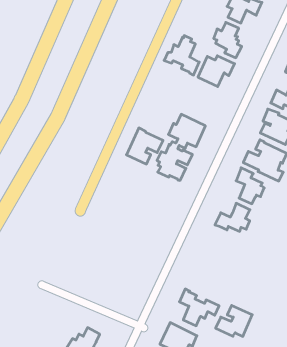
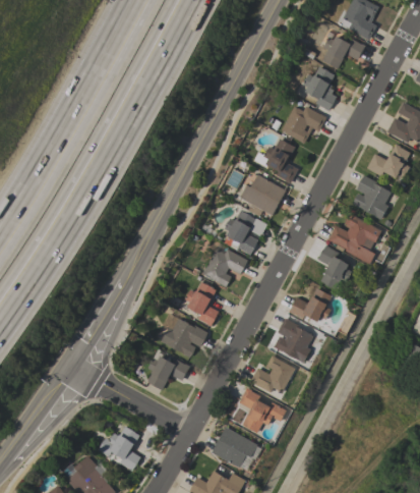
building: [164,36,199,75] -> [255,135,298,184]
building: [126,128,163,164] -> [202,242,248,287]
building: none -> [185,281,220,326]
building: none -> [274,318,313,363]
building: none -> [161,318,208,358]
building: none -> [147,353,190,390]
building: [216,305,252,336] -> [250,354,296,393]

